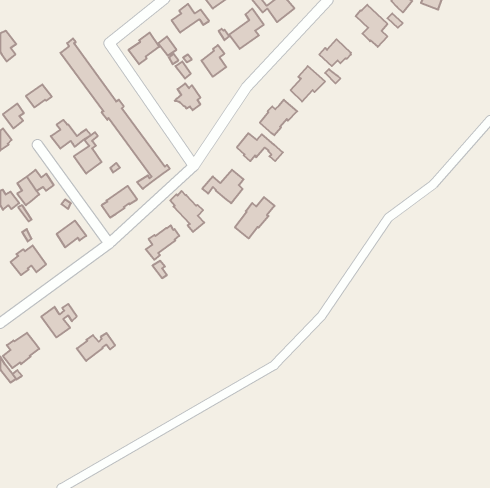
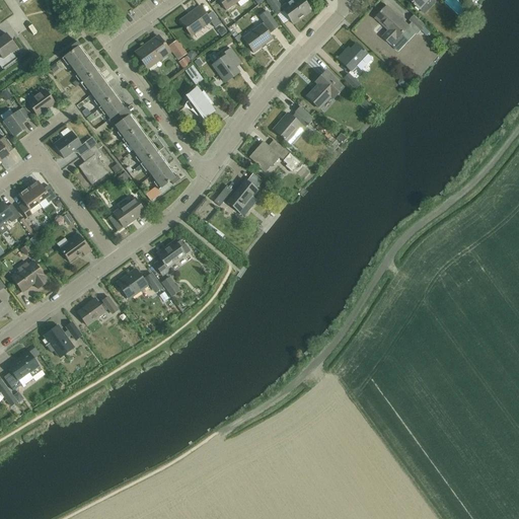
building: [170,191,204,232] -> none
building: [235,197,275,238] -> none
building: none -> [117,268,161,298]
building: [77,333,115,361] -> [77,295,118,324]

